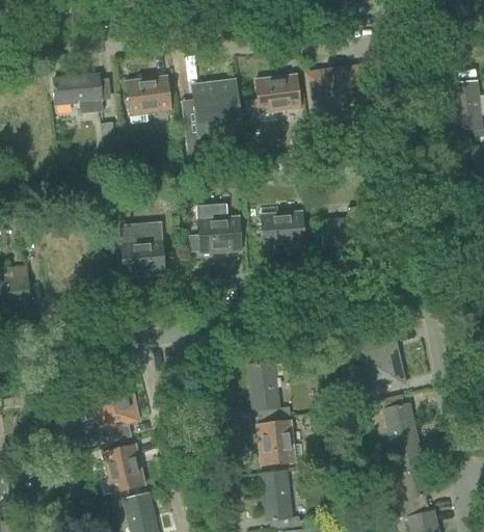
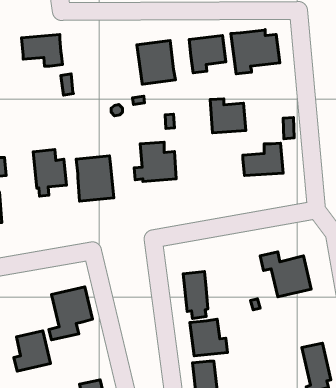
building: [127,75,171,122] -> none
building: [262,205,305,246] -> [210,99,246,133]
building: none -> [33,150,66,196]
building: [383,395,419,453] -> none
building: [101,444,145,493] -> [14,331,51,371]

